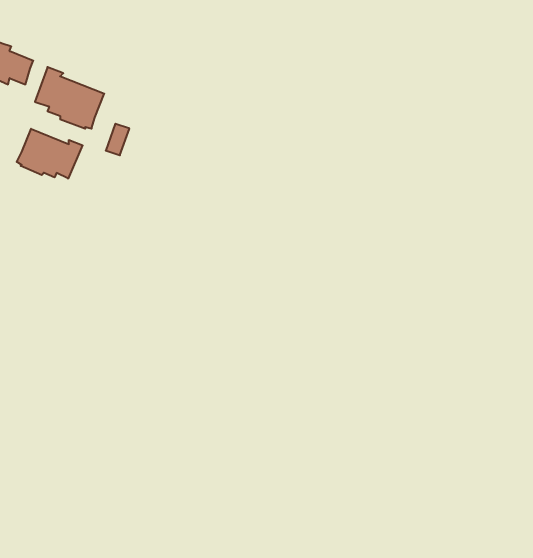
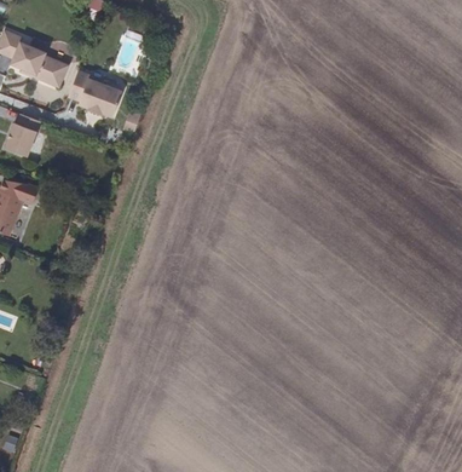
building: [17,129,83,179] -> none

